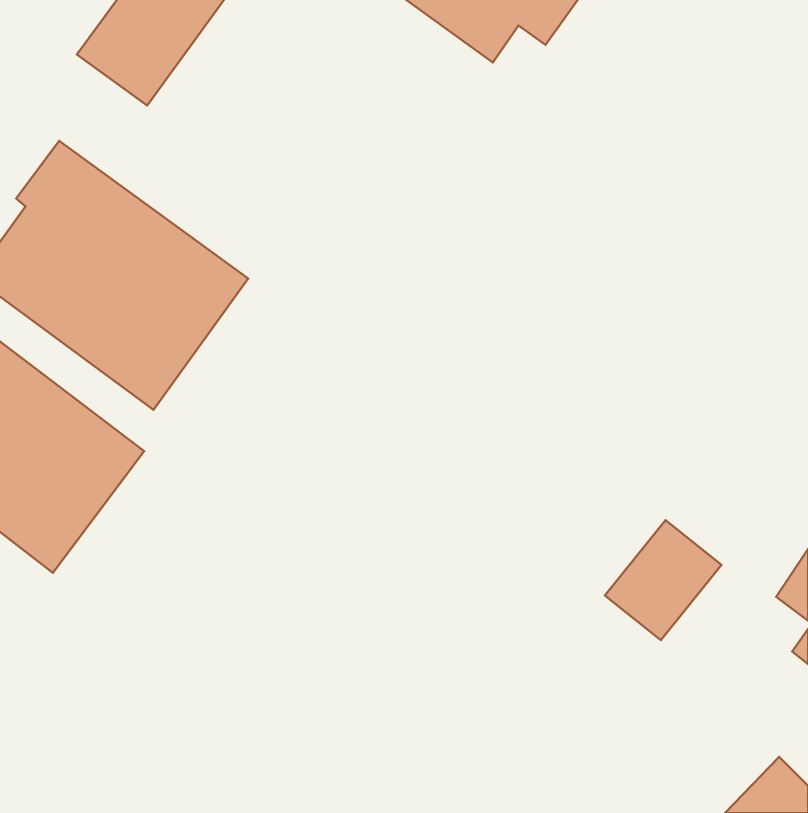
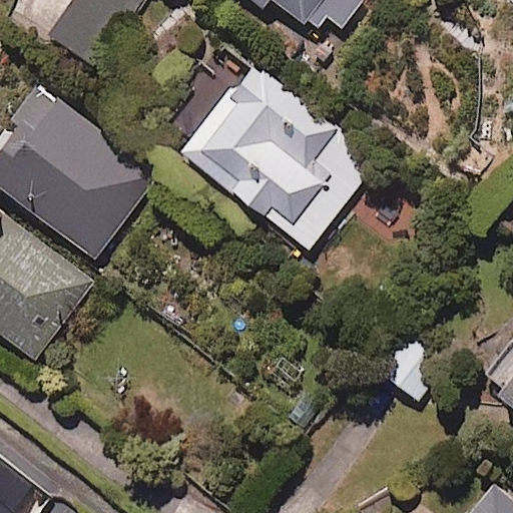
building: none -> [183,65,376,249]

